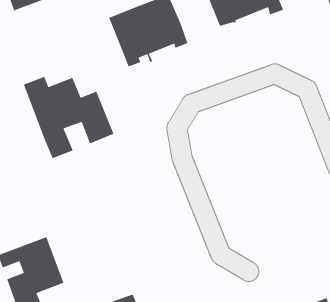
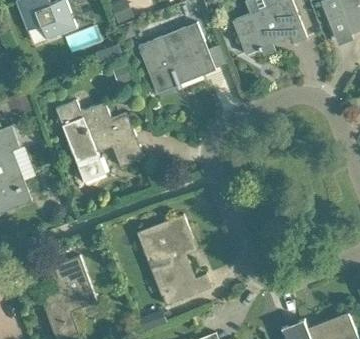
building: none -> [136,214,211,305]

